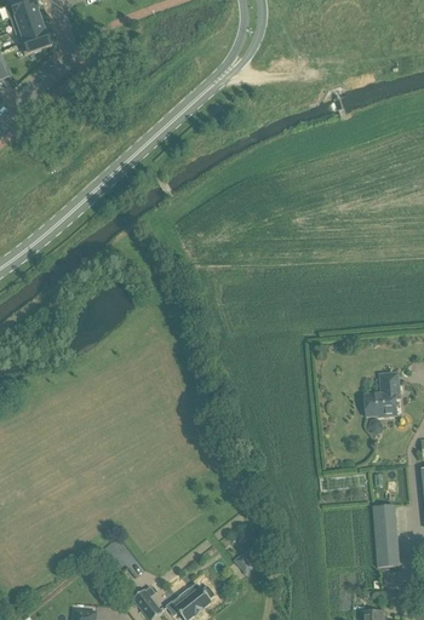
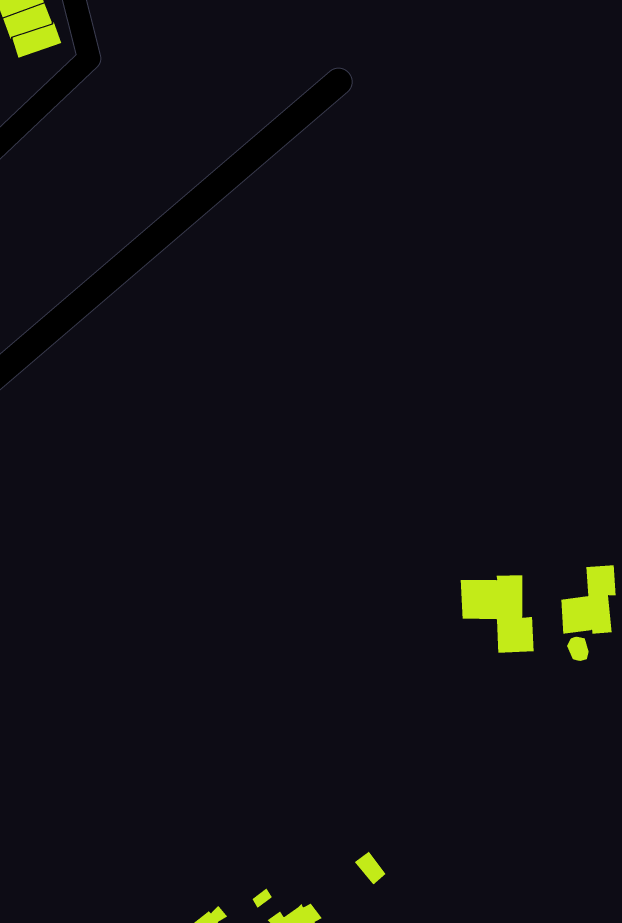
building: none -> [460,575,534,653]
building: [374,506,397,567] -> none

